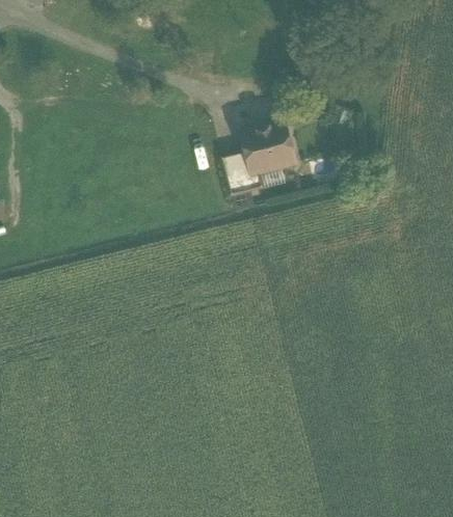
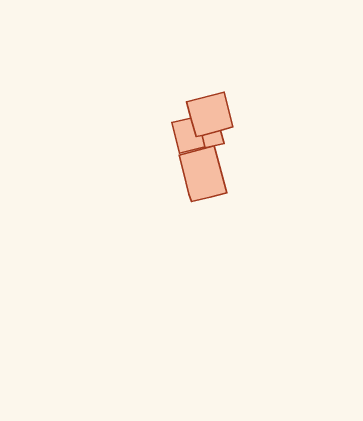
building: none -> [179,146,227,202]

